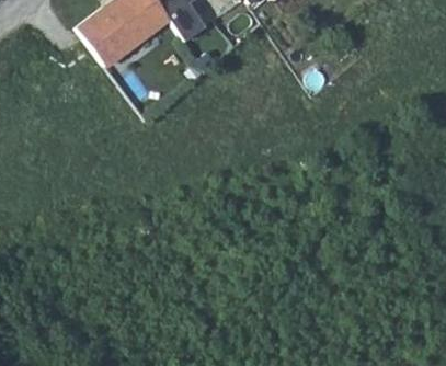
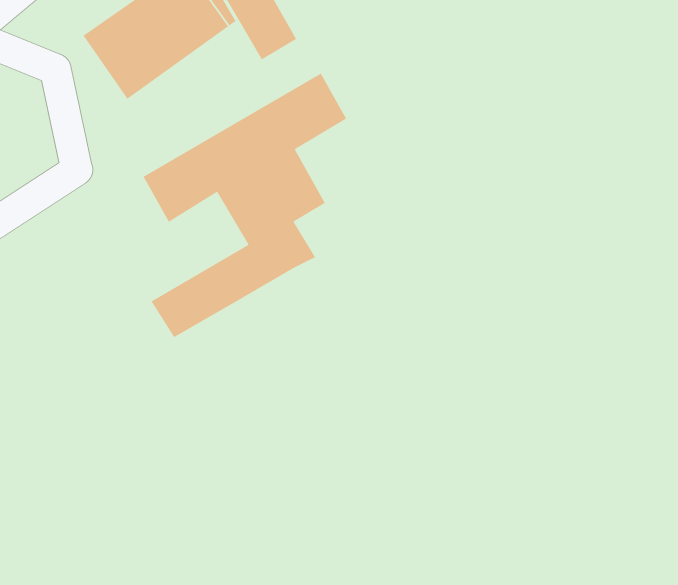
building: none -> [142,73,347,338]

